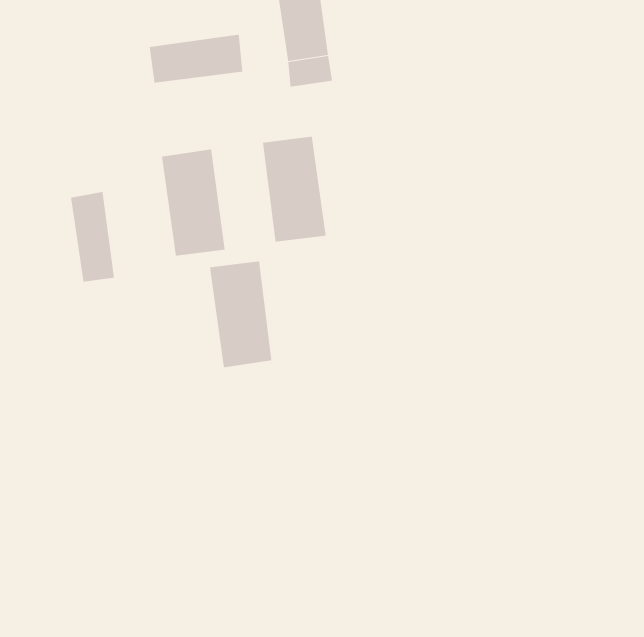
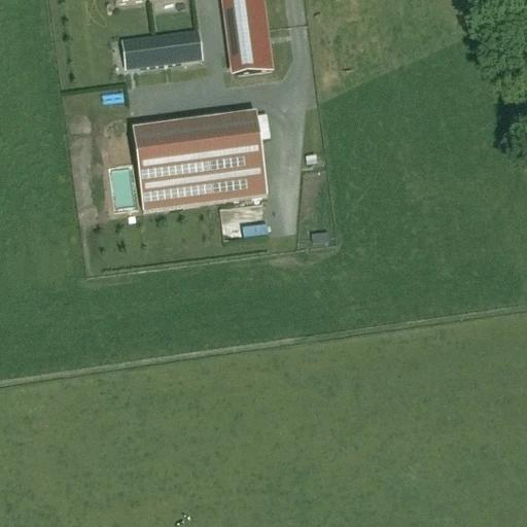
building: [70,191,115,282] -> none
building: [209,261,272,368] -> [173,116,224,204]

